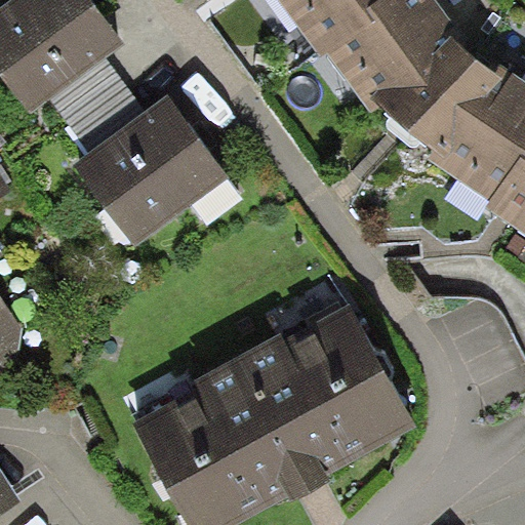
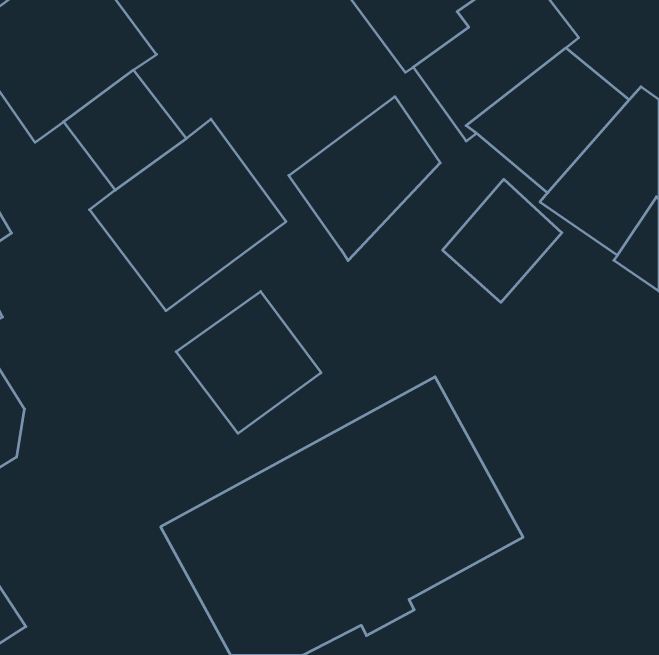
building: none -> [289,97,440,261]
building: none -> [443,179,562,302]
building: none -> [176,291,321,433]

